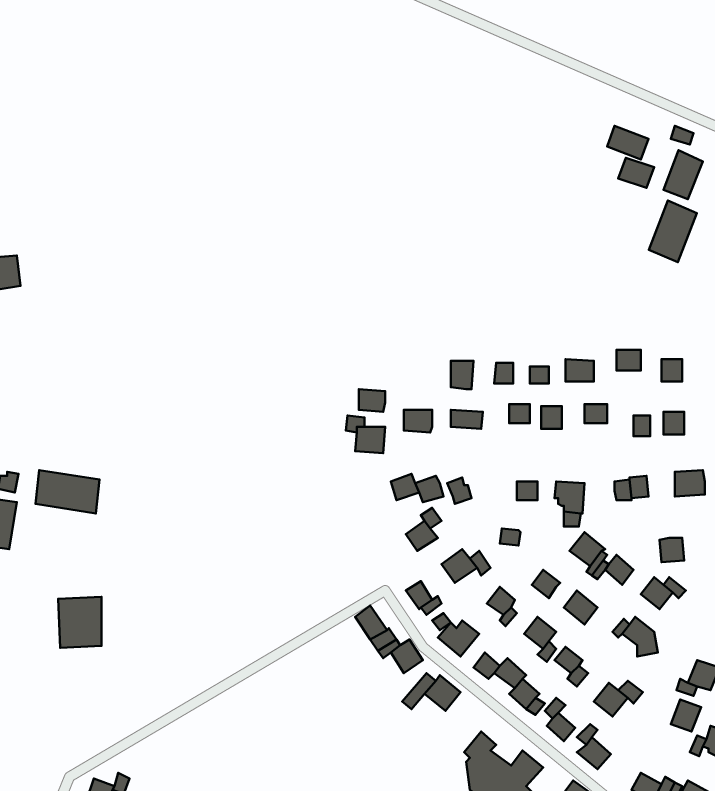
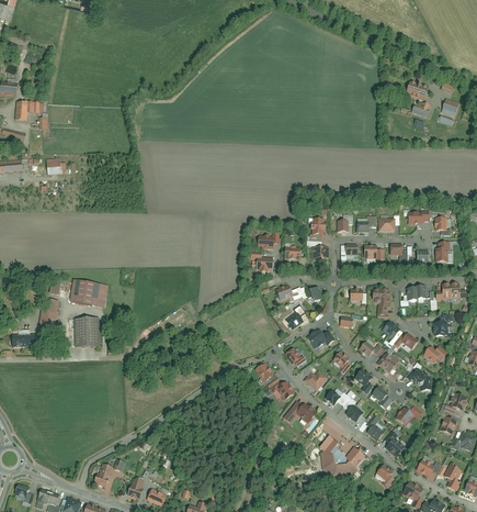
building: [649,201,697,262] -> none
building: [58,597,101,648] -> [73,320,99,349]

